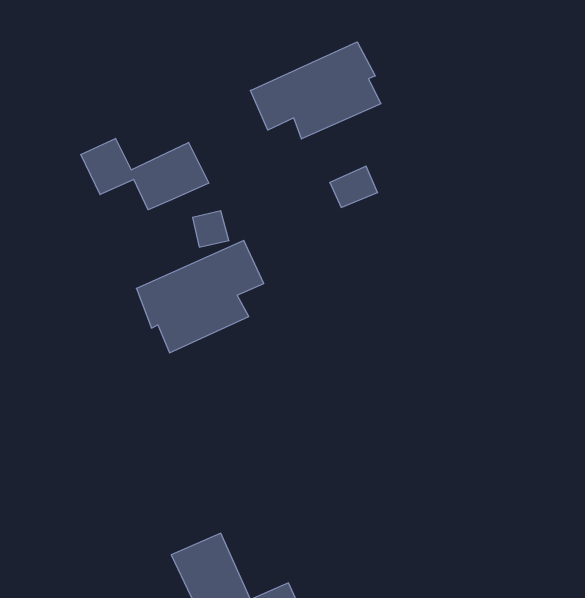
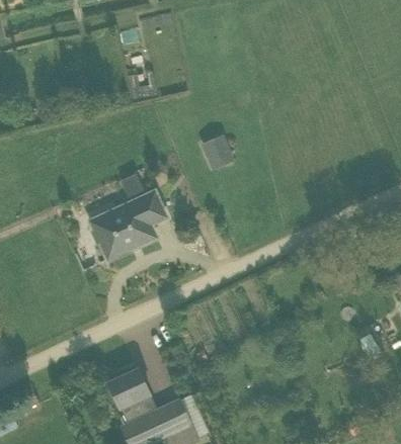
building: [250,42,381,139] -> none
building: [81,138,209,210] -> none

